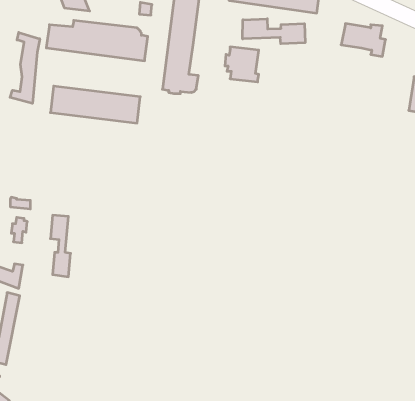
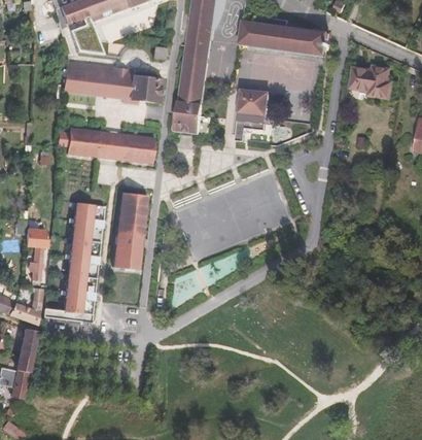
building: [243,19,305,44] -> none
building: [10,32,40,103] -> none
building: none -> [112,192,147,270]
building: none -> [72,208,93,237]

